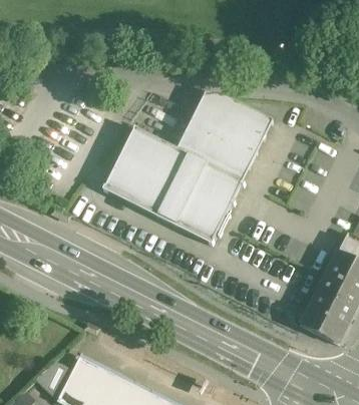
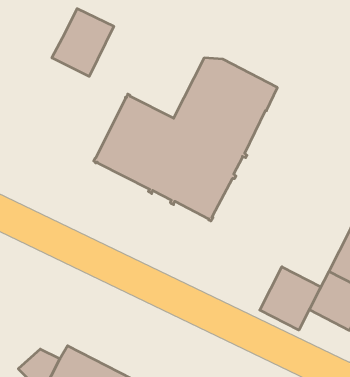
building: none -> [52,9,114,76]
building: none -> [260,267,321,330]

